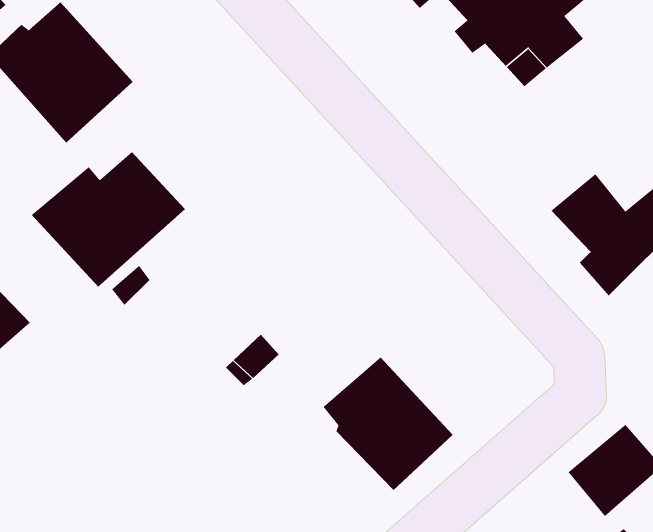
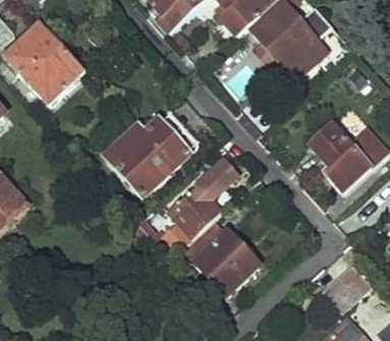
building: [31,151,186,288] -> [104,123,188,197]
building: none -> [162,165,236,253]

